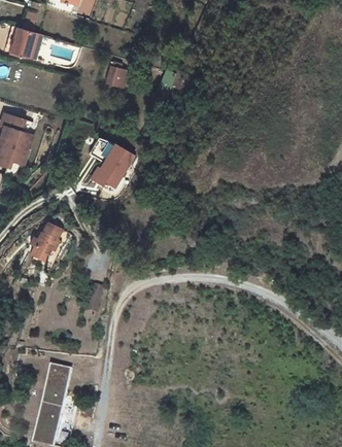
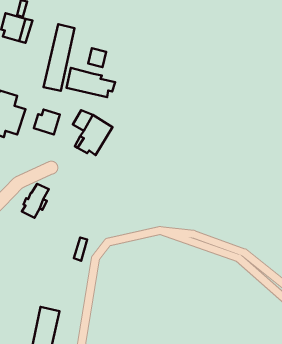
building: none -> [43,24,75,91]
building: none -> [67,68,115,97]
building: none -> [34,110,60,134]

